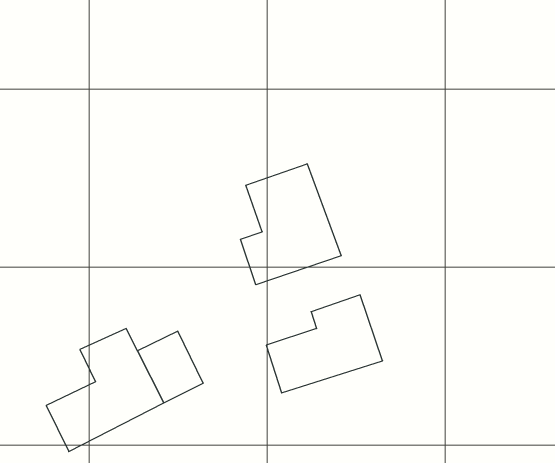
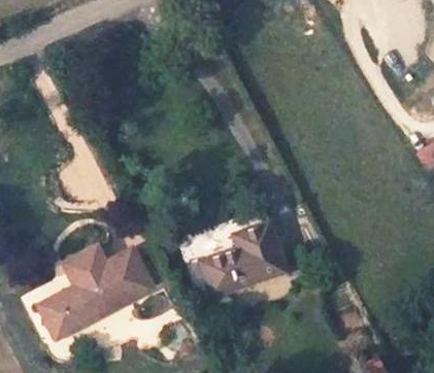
building: [241,164,341,285] -> none

